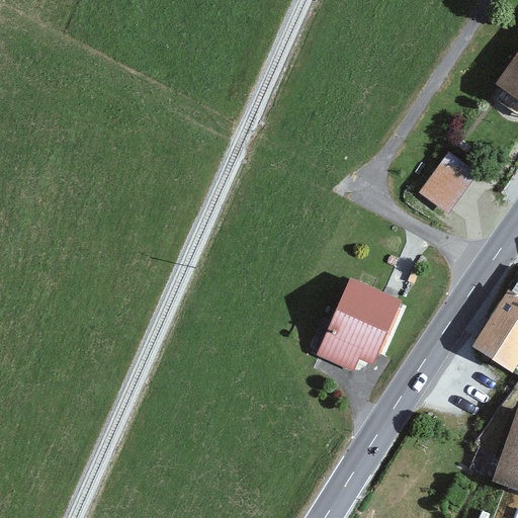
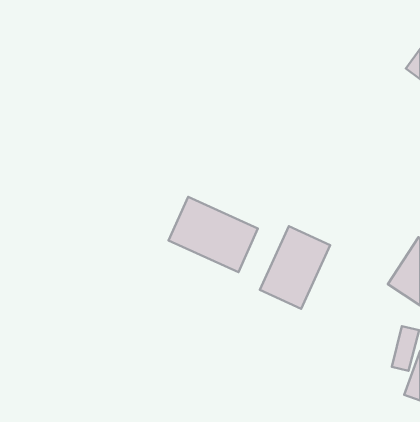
building: [418,147,478,210] -> none
building: none -> [169,197,258,272]

